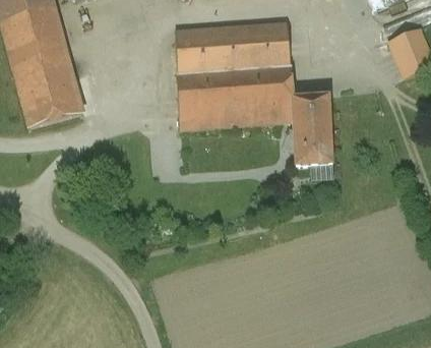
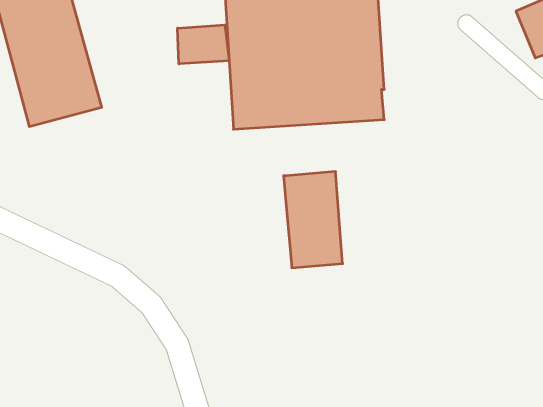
building: none -> [178,25,229,64]
building: [290,96,333,167] -> [284,172,343,268]

